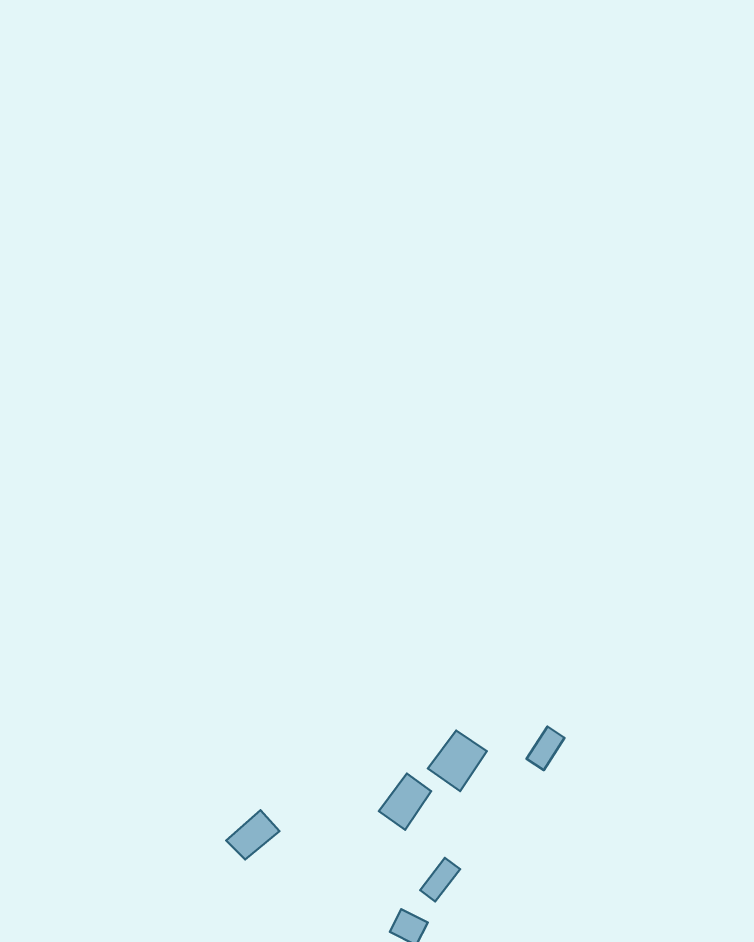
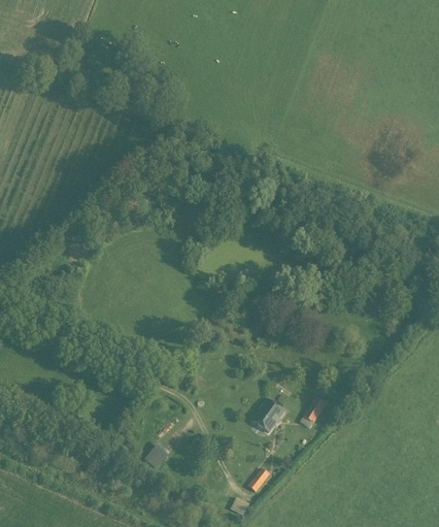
building: [379,773,431,830] -> none

